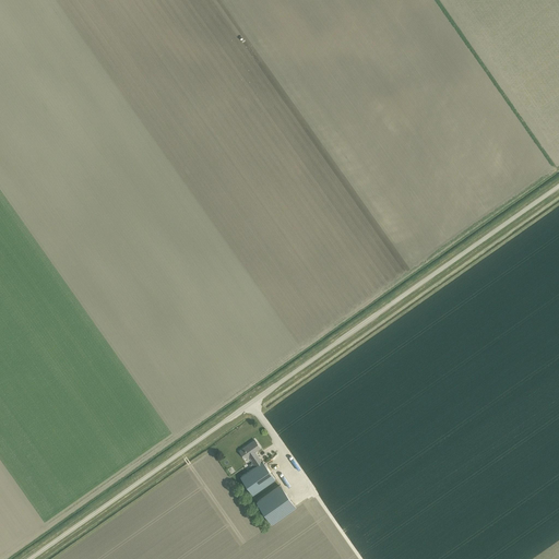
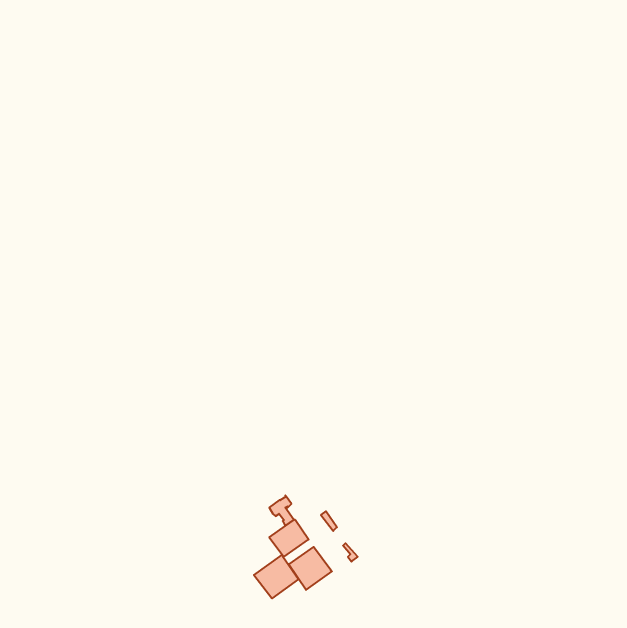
building: none -> [254,555,298,598]

